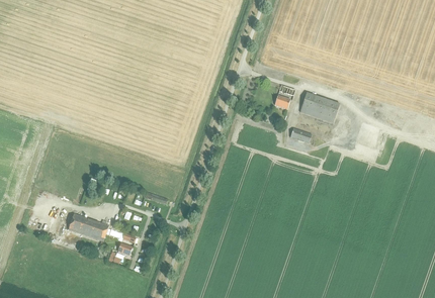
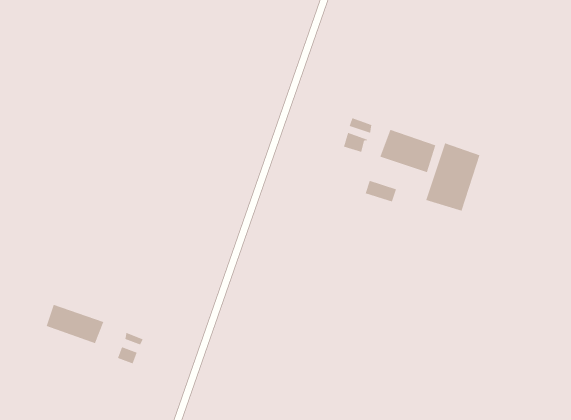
building: none -> [425,142,480,211]

